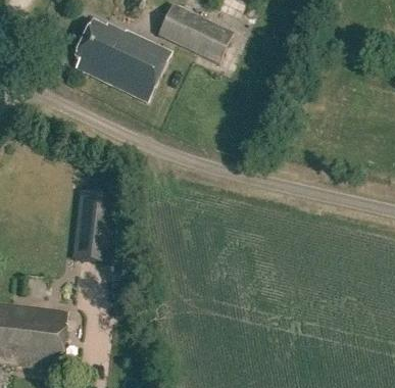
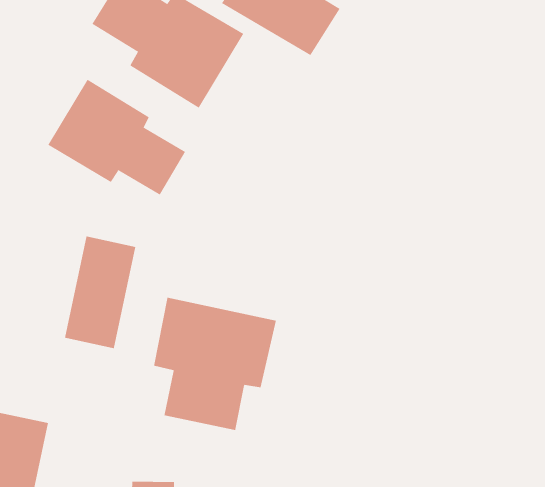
building: none -> [47,79,186,195]
building: none -> [153,297,276,431]

